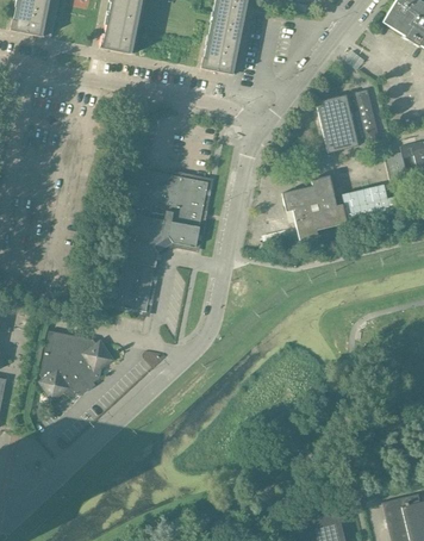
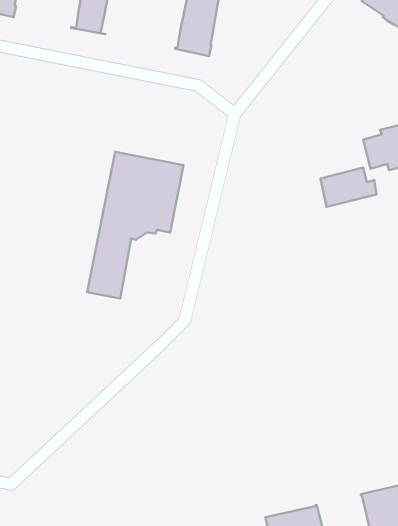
building: [317,88,380,151] -> none
building: [283,174,348,238] -> none
building: [39,329,113,399] -> none

